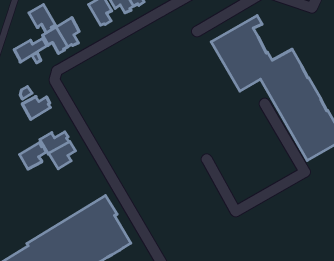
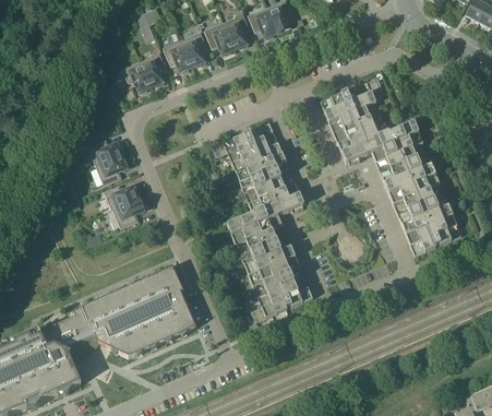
building: [29,4,56,33] -> [163,38,192,72]
building: [14,38,47,62] -> none
building: none -> [213,120,313,321]
building: [19,143,46,169] -> [96,154,128,183]

